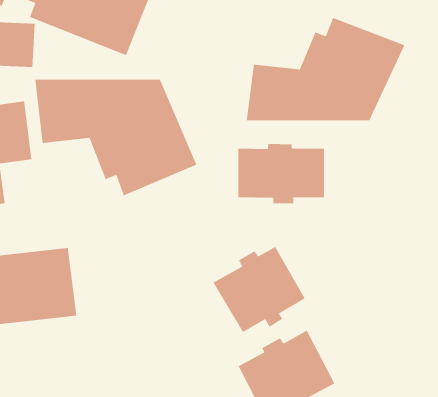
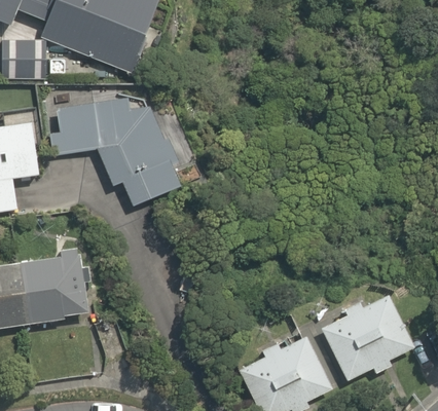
building: [246,17,405,121] -> none
building: [238,143,324,204] -> none
building: [213,246,306,333] -> [322,296,411,379]

